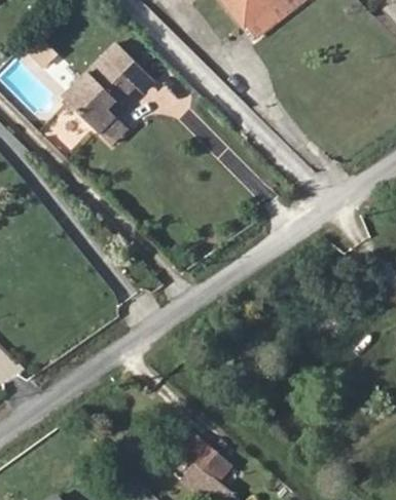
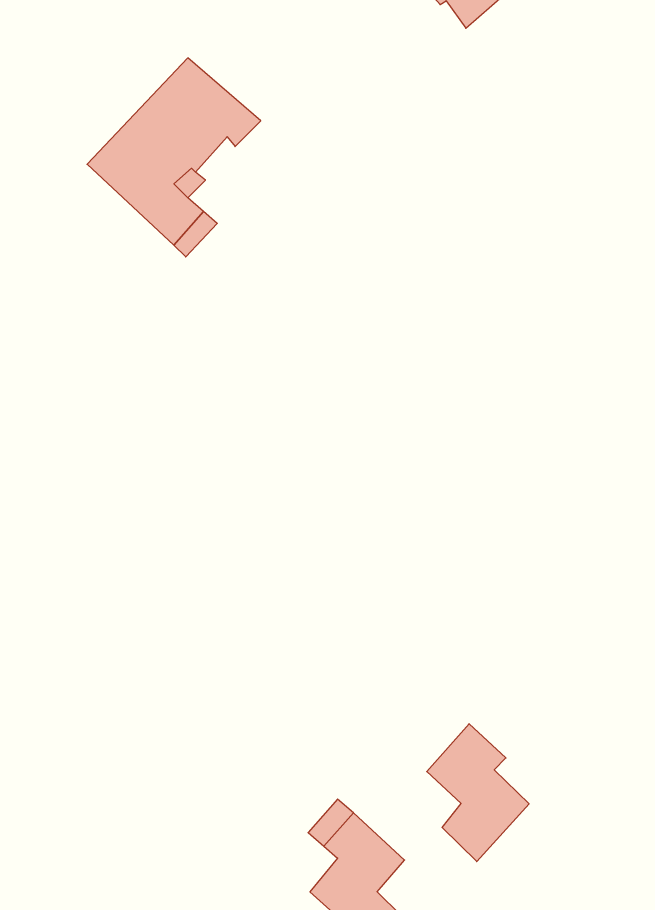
building: none -> [427,724,529,862]

